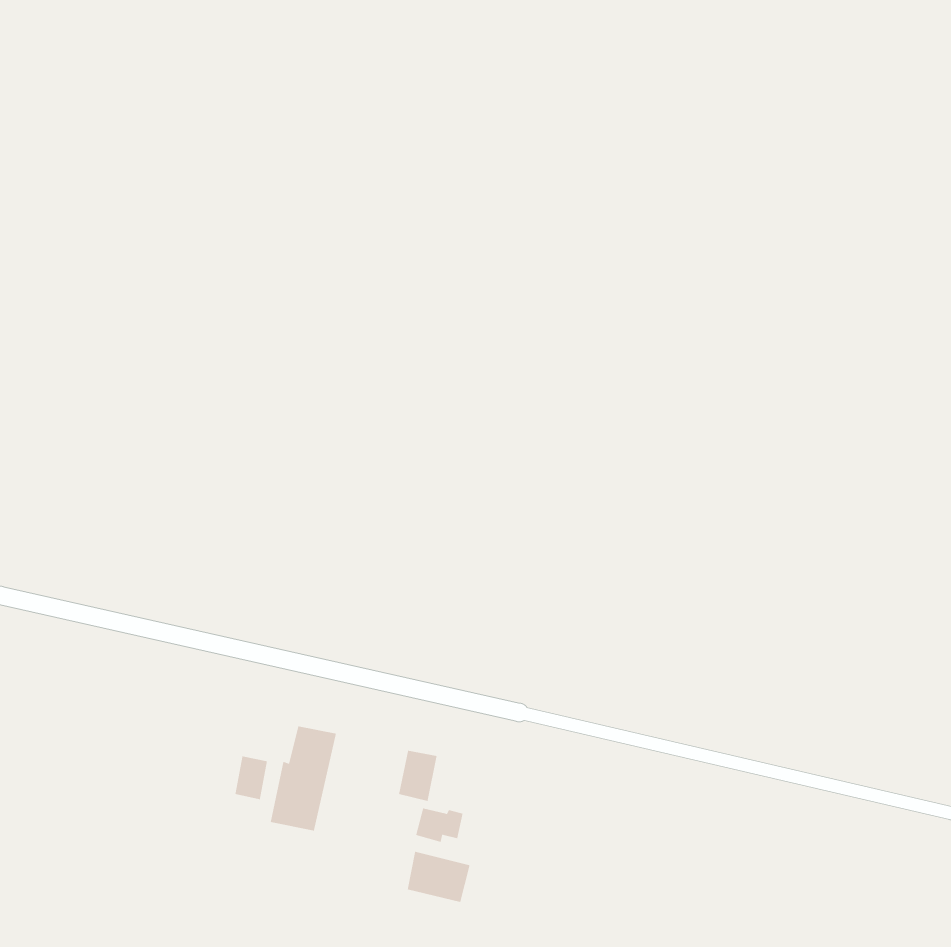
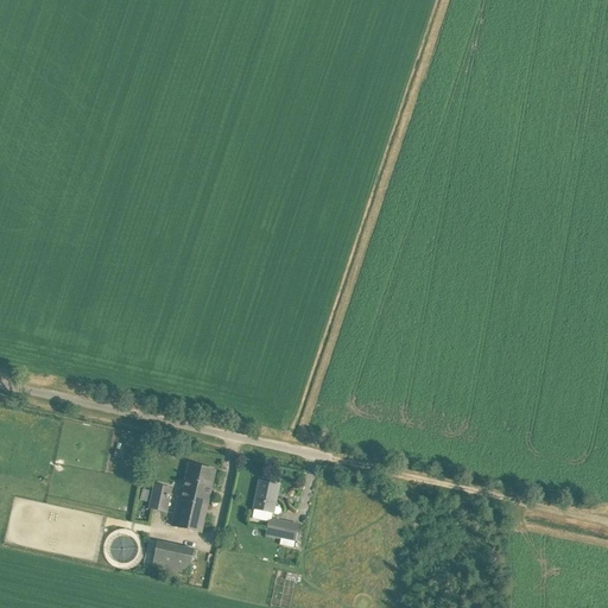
building: none -> [146,539,195,582]
building: [407,851,471,903] -> none

